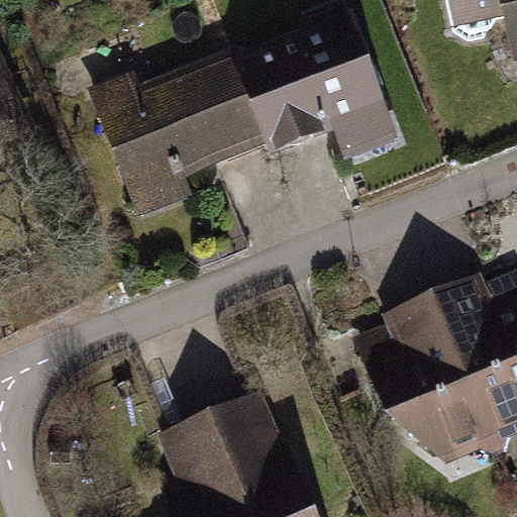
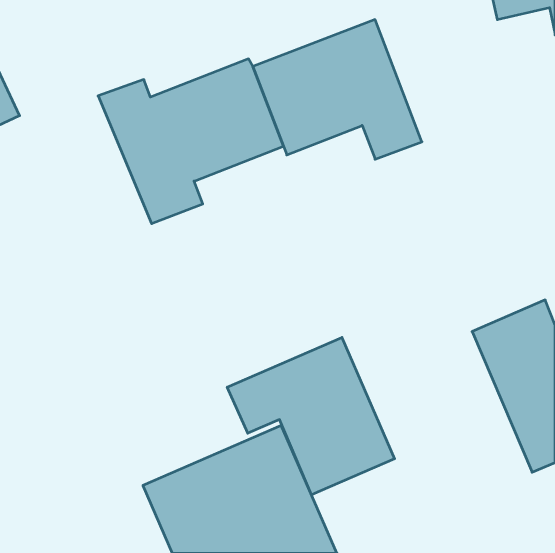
building: [369,306,492,453] -> none
building: none -> [227,337,395,495]

